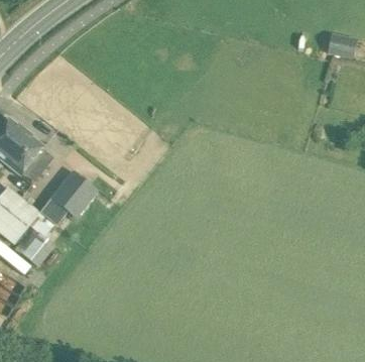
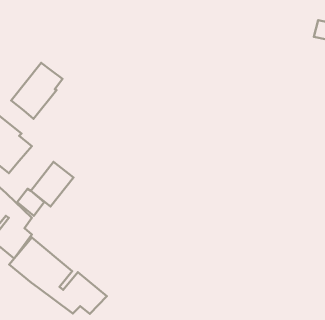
building: none -> [11,63,63,119]
building: none -> [9,237,107,314]

